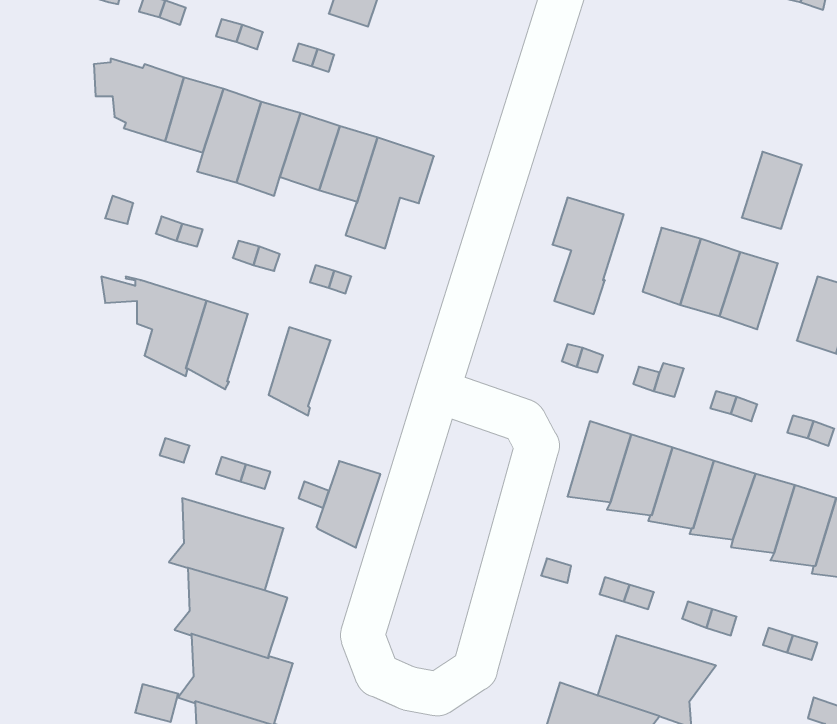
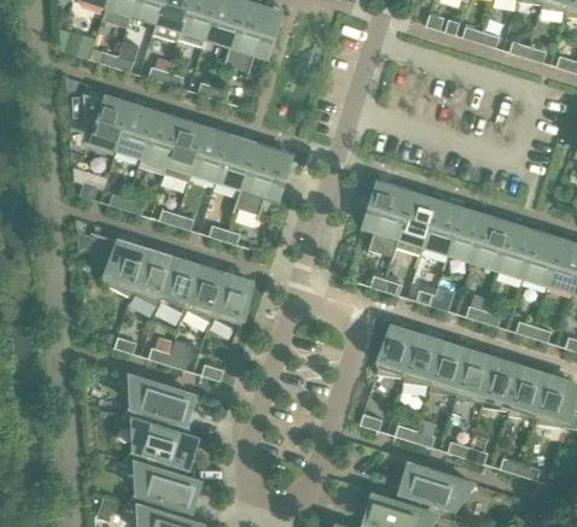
building: [742,152,802,229] -> [500,224,538,274]
building: none -> [401,193,438,242]
building: none -> [159,257,199,314]
building: [316,461,380,548] -> [211,274,252,329]

